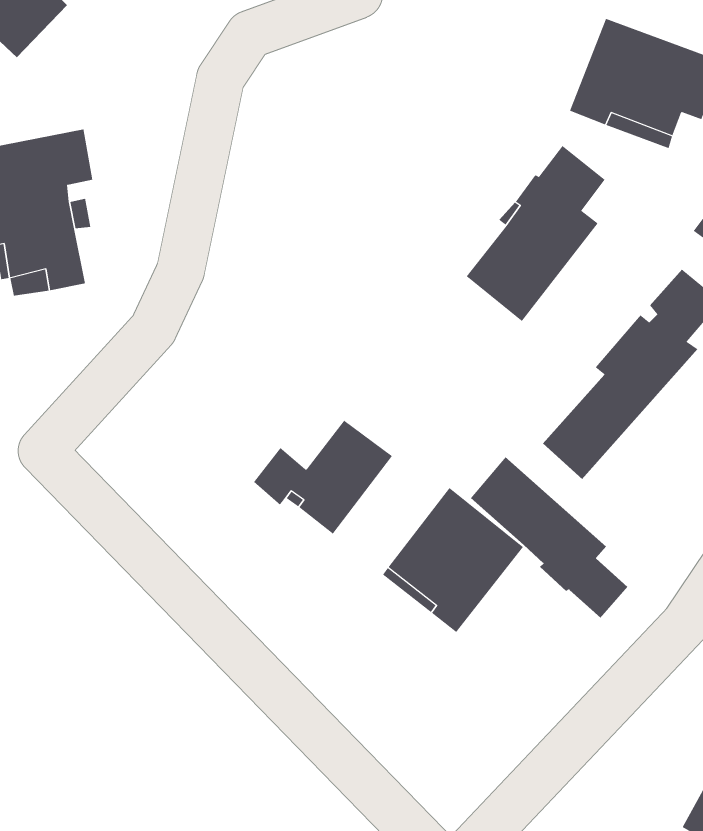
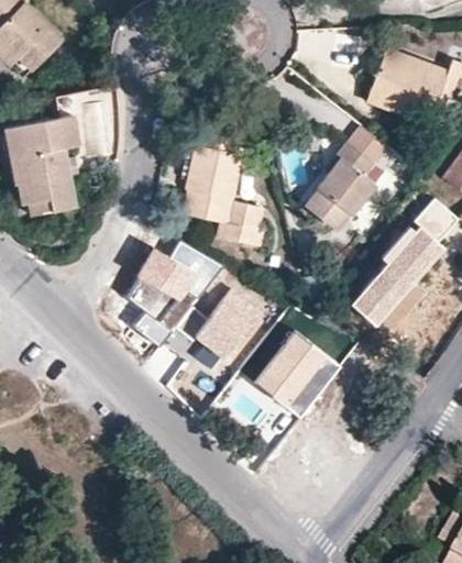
building: none -> [185,131,264,247]
building: none -> [127,240,224,349]
building: [470,456,628,619] -> none

